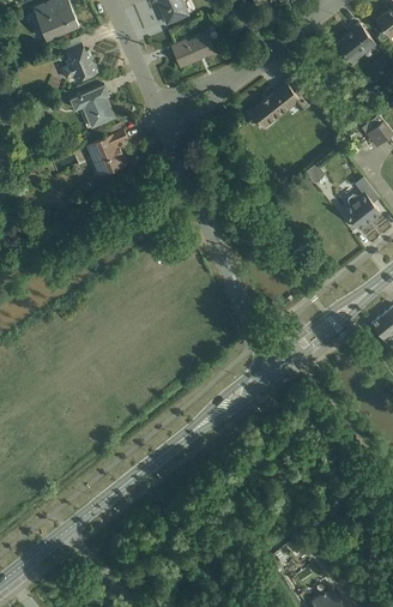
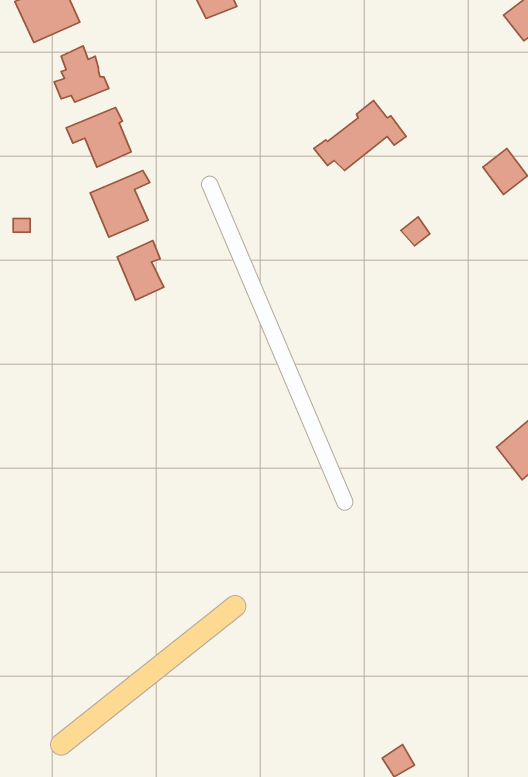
building: [335,23,375,65] -> none
building: [170,32,214,67] -> none
building: [341,176,379,229] -> none
building: none -> [117,240,164,300]

